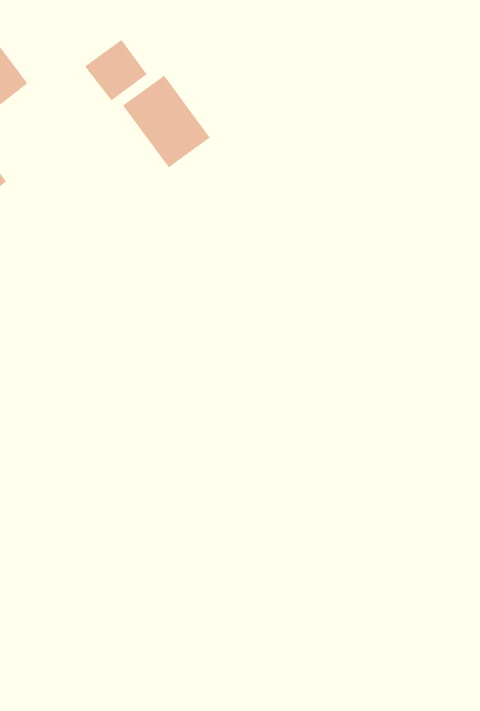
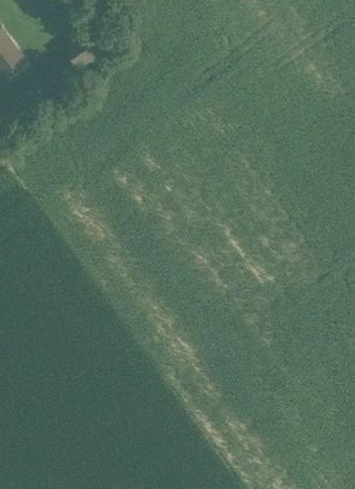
building: [122,75,211,168] -> none

